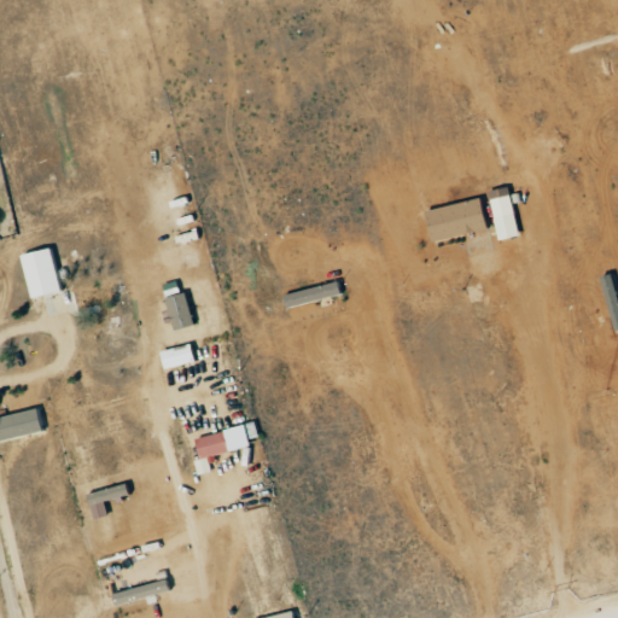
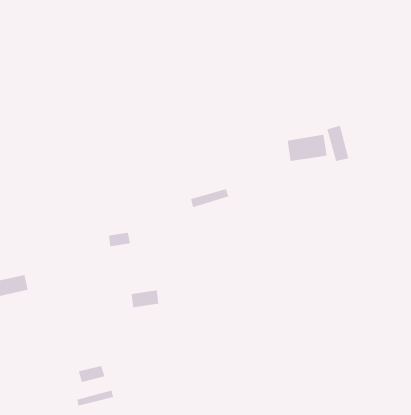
building: [21,247,60,298] -> none
building: [165,292,193,330] -> none
building: none -> [78,365,105,383]

